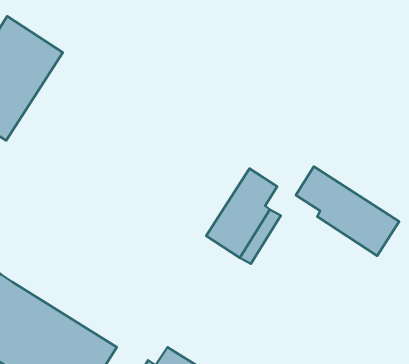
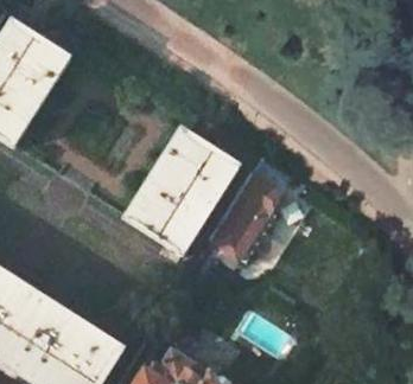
building: none -> [126,128,237,251]
building: [296,167,399,256] -> none

